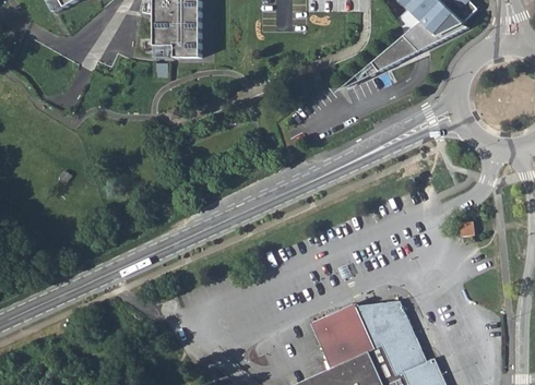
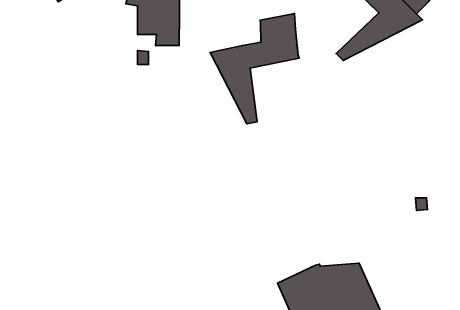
building: none -> [210,13,299,124]

